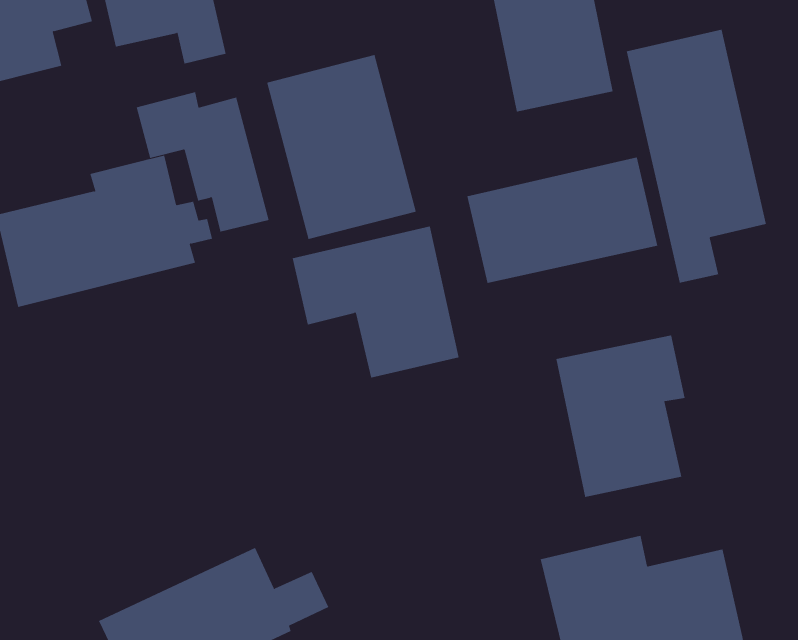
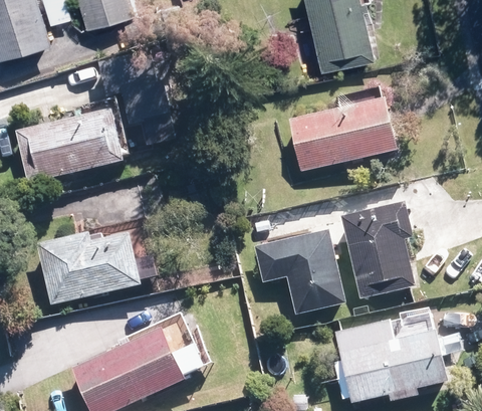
building: [626,29,767,283] -> none
building: [267,54,417,240] -> none
building: [292,226,460,378] -> [249,225,347,315]
building: none -> [31,230,159,309]

